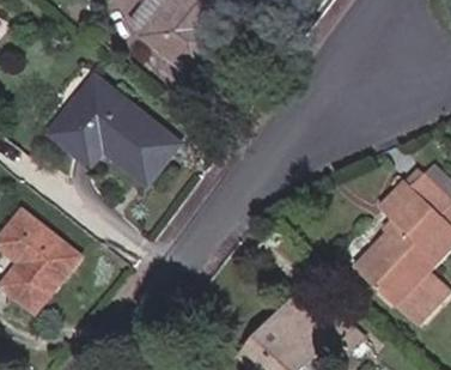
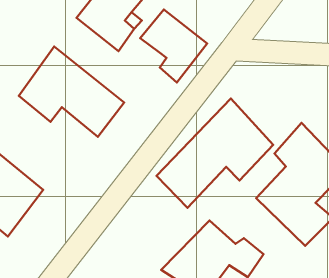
building: none -> [140,9,207,82]
building: none -> [156,99,273,208]

